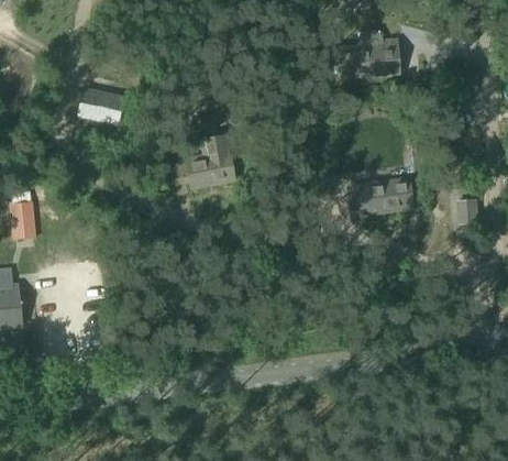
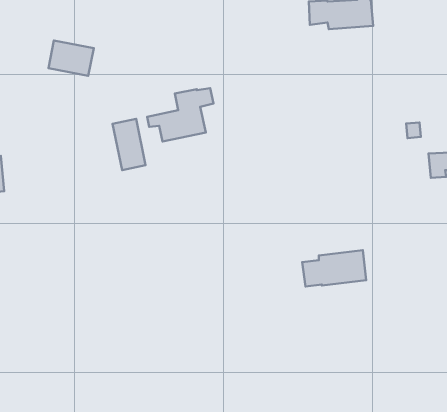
building: none -> [113,119,145,170]
building: [349,177,412,213] -> [302,250,366,287]

